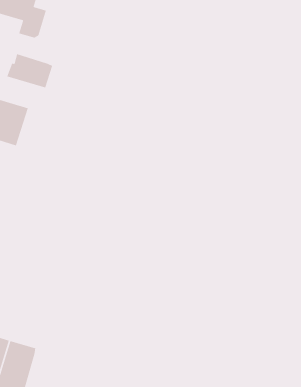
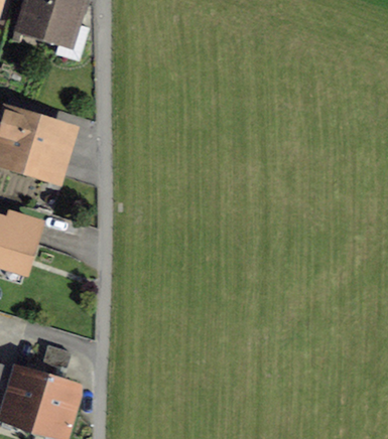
building: [6,53,53,89] -> none

